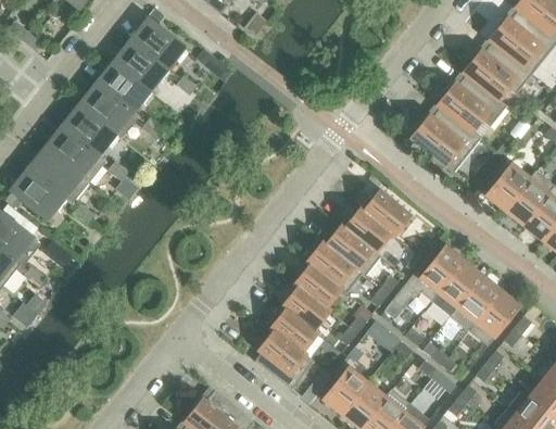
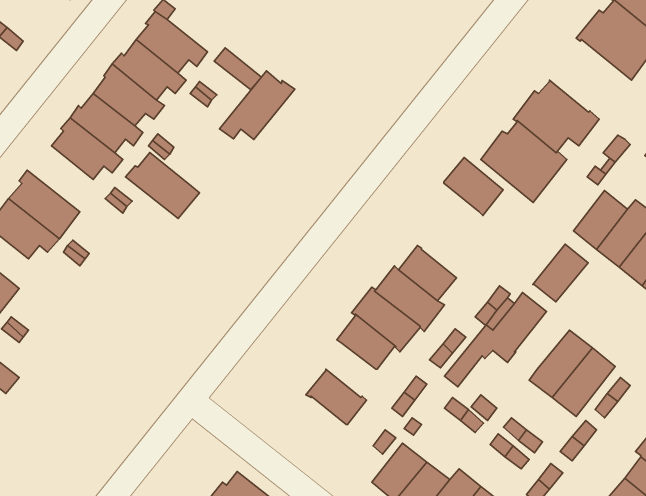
building: [462,41,532,100] -> none
building: none -> [219,71,295,140]
building: [45,127,104,180] -> [126,153,200,218]
building: [363,190,410,237] -> [444,158,503,215]
building: [438,261,482,307] -> [533,244,588,302]
building: [282,286,330,330] -> none
building: [254,329,314,390] -> none

